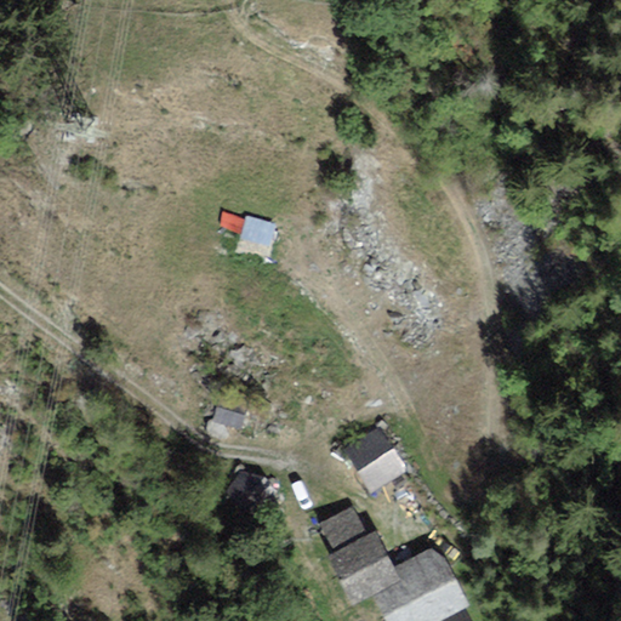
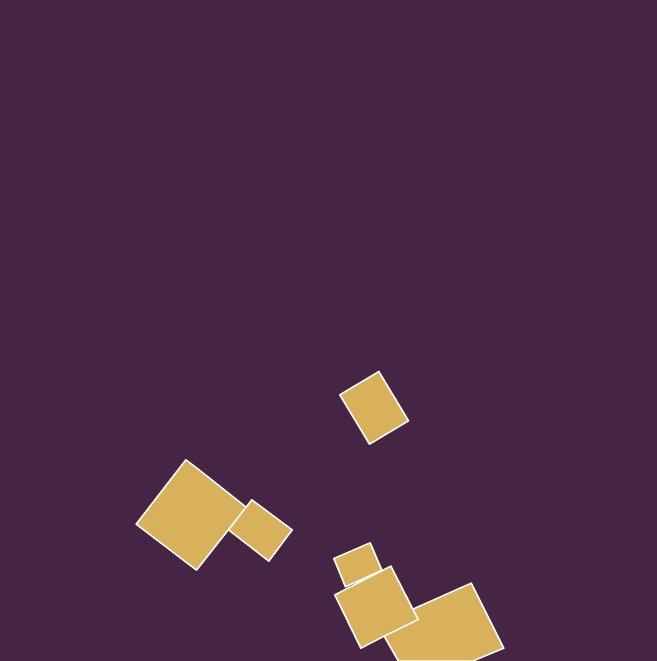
building: [344,425,409,492] -> [340,372,409,444]
building: none -> [136,460,246,570]

